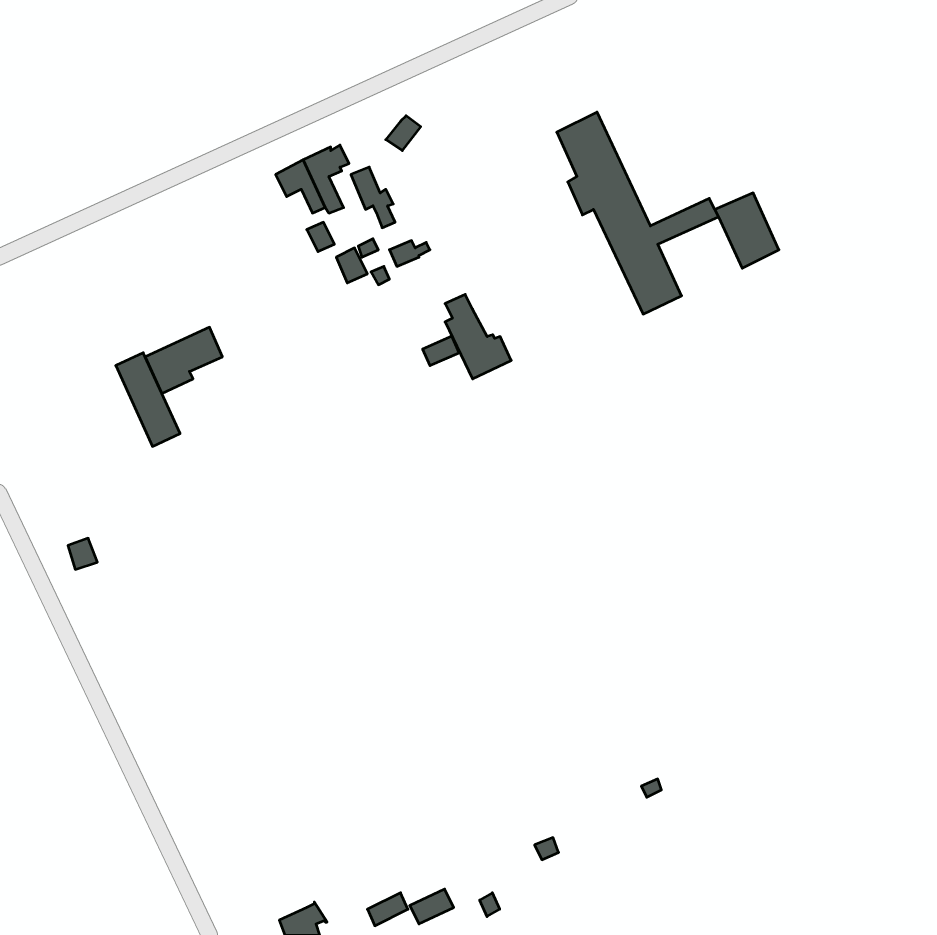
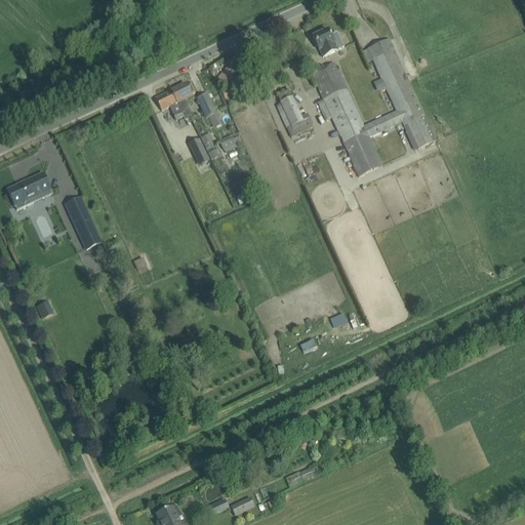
building: none -> [312,28,342,56]
building: none -> [367,39,420,117]
building: [445,294,511,379] -> [276,89,313,136]
building: [145,327,222,393] -> [6,172,49,209]

